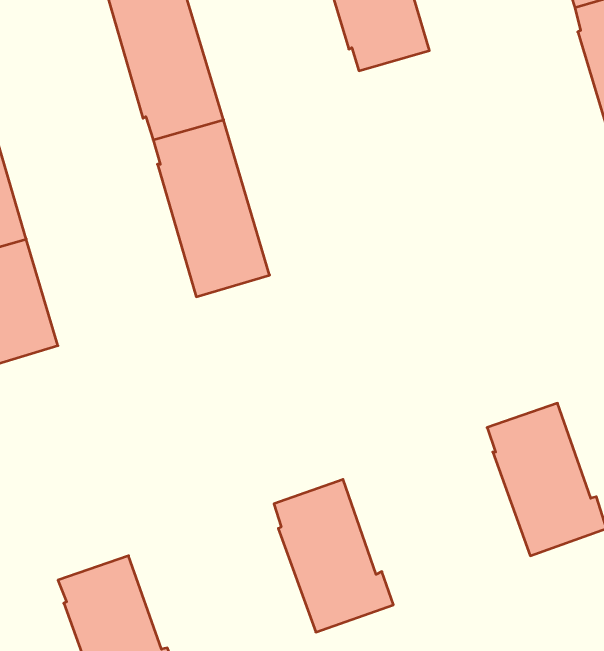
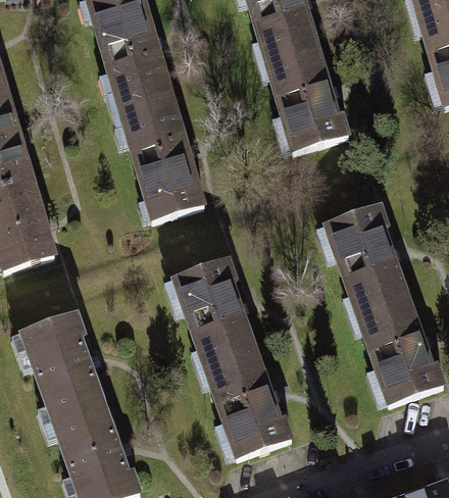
building: none -> [267,45,349,151]
building: none -> [325,204,408,312]
building: none -> [172,258,256,366]
building: none -> [20,311,104,420]

